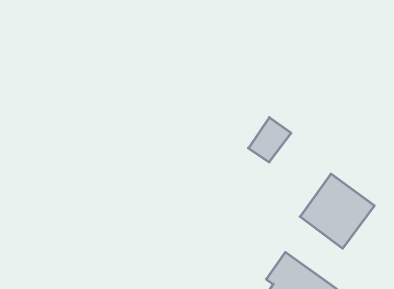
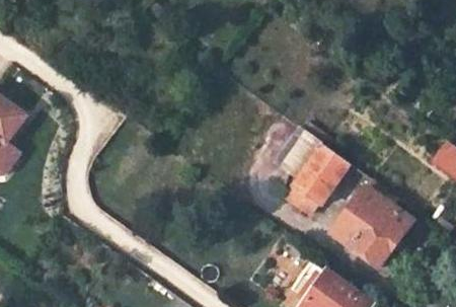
building: none -> [287,147,349,211]

